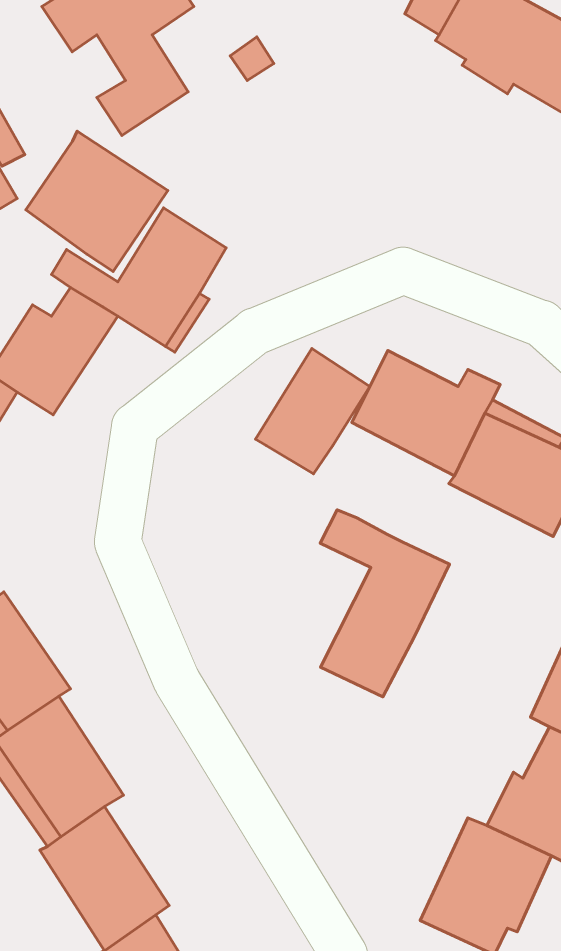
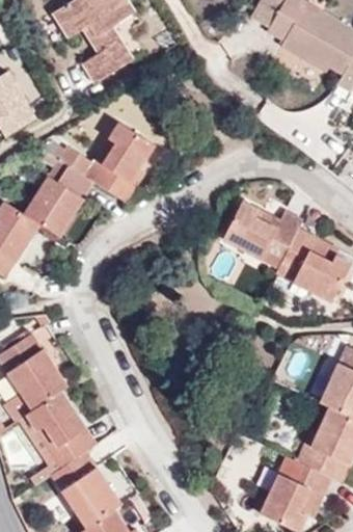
building: [26,131,168,272] -> none
building: [256,349,370,474] -> none
building: [320,510,449,697] -> none

